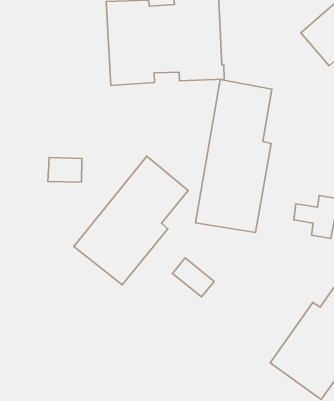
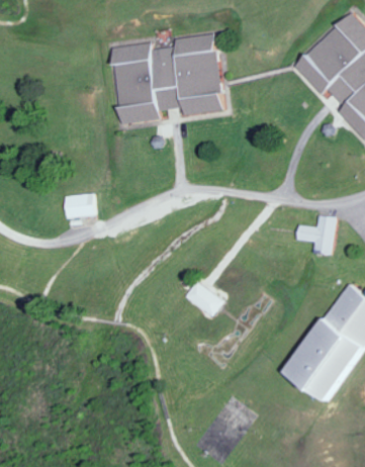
building: [195,79,272,233] -> none
building: [74,156,188,285] -> none

